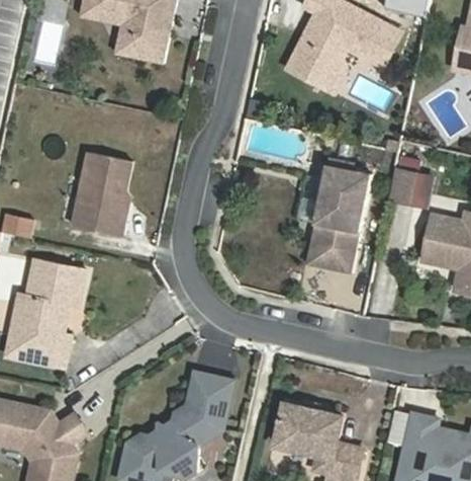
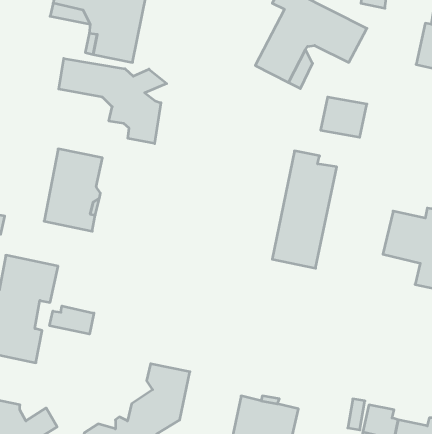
building: none -> [59,58,167,144]
building: [380,161,427,202] -> [321,97,367,137]
building: none -> [50,306,94,334]

